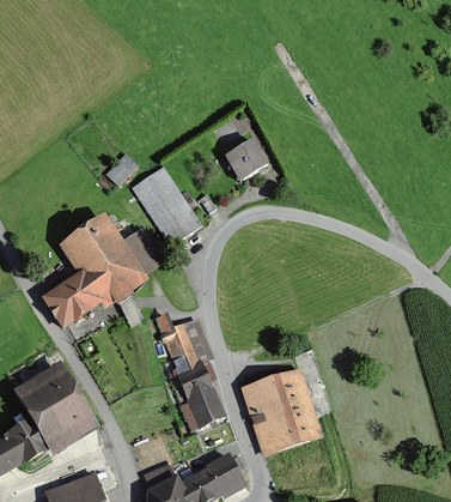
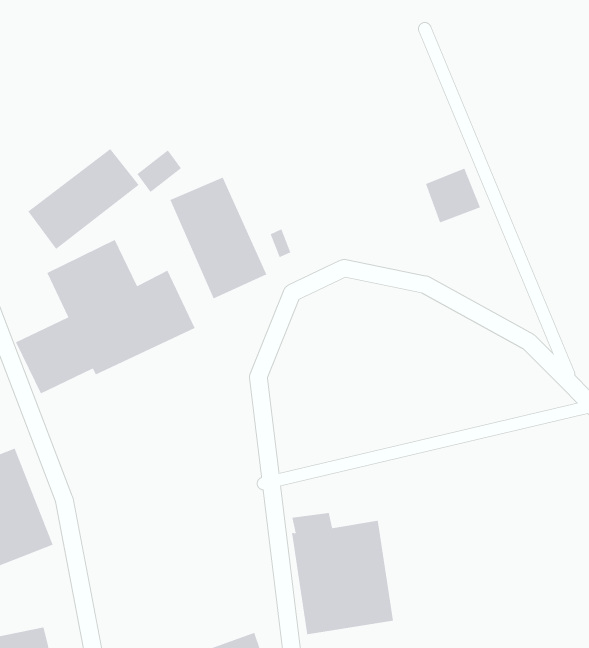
building: [230,140,268,179] -> [425,168,481,223]
building: none -> [28,148,140,250]
building: [160,321,225,427] -> none

